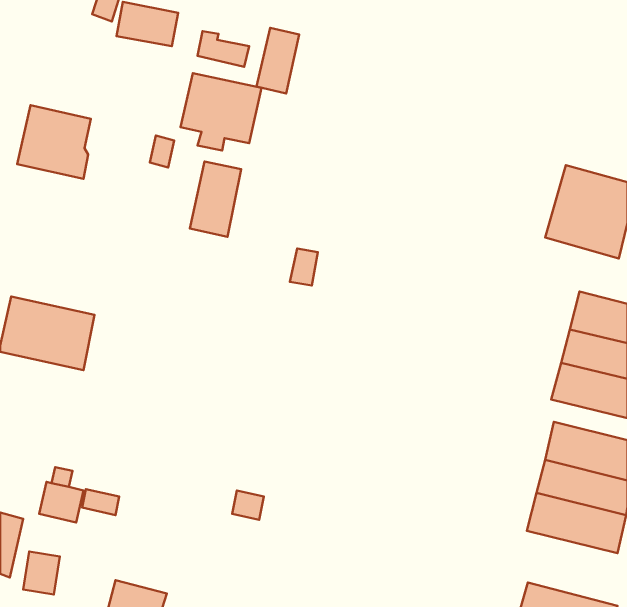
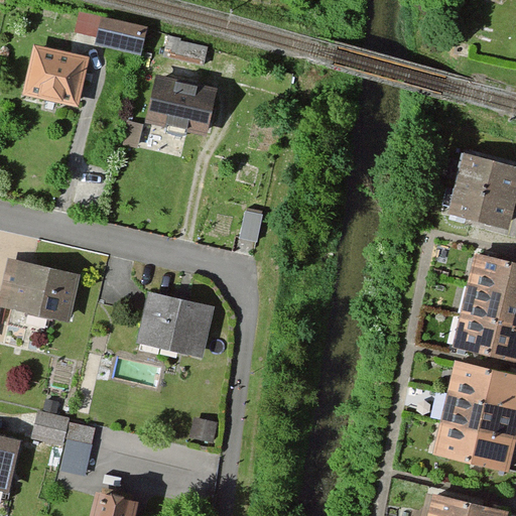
building: [256,28,299,94] -> none
building: [17,105,91,179] -> [23,45,84,106]
building: [190,161,241,237] -> none
building: none -> [139,294,213,355]
building: [23,551,60,594] -> [62,435,93,471]

